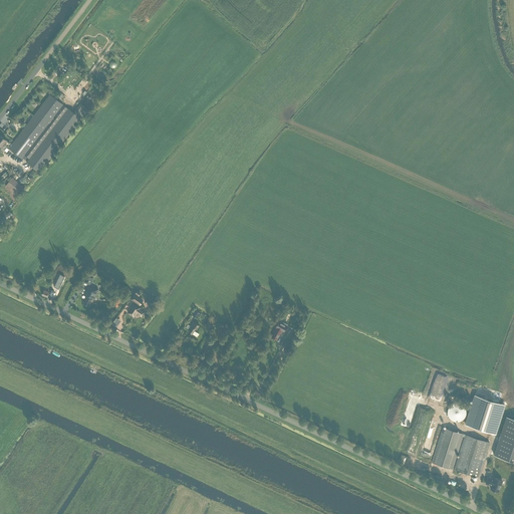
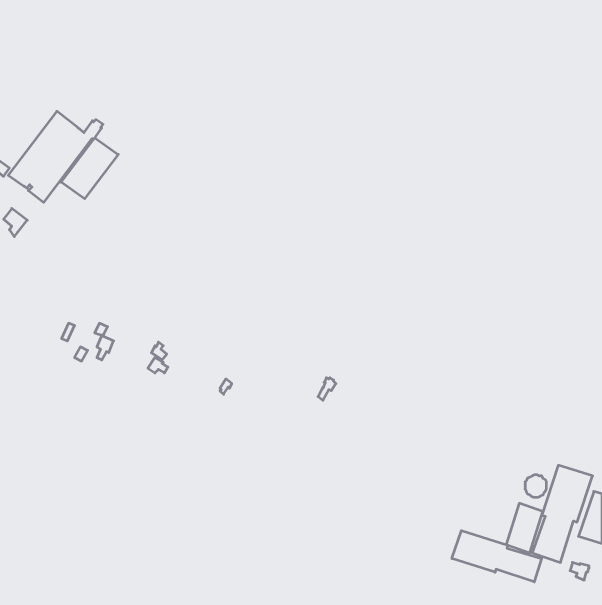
building: none -> [61,138,118,199]
building: none -> [452,531,542,582]

